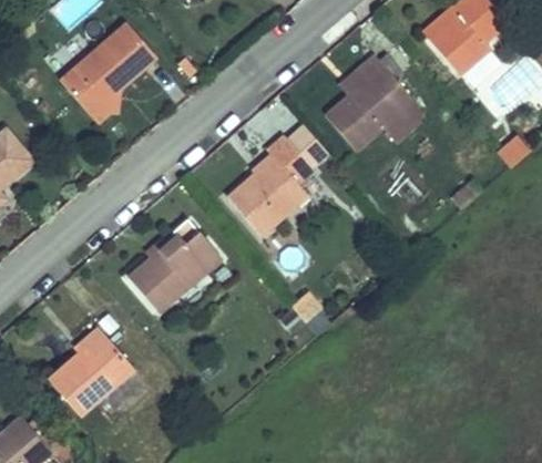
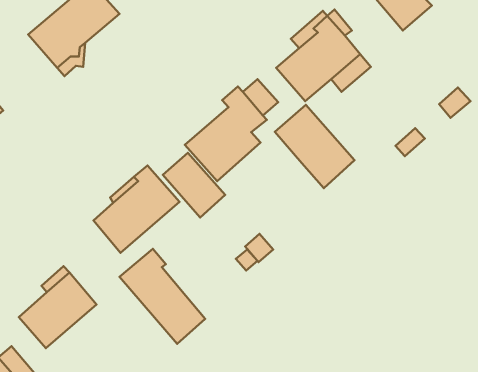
building: none -> [275,105,355,188]
building: none -> [163,153,225,218]
building: none -> [119,249,205,344]

